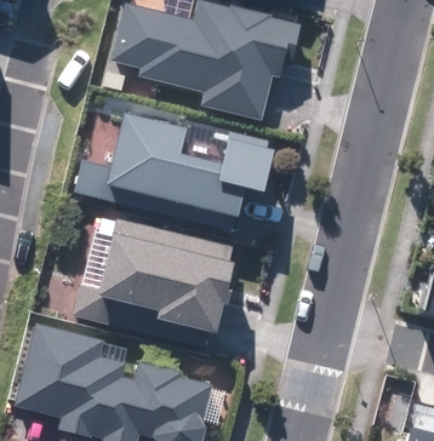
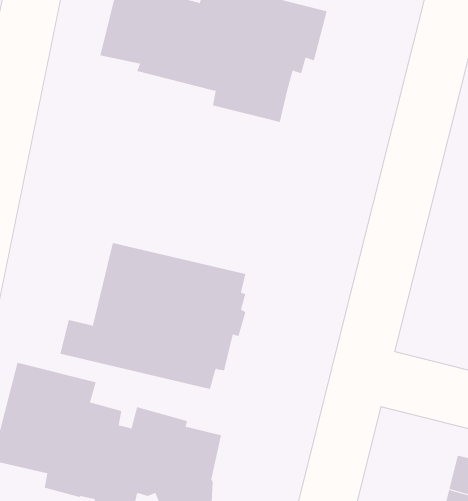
building: [78,113,273,229] -> none

